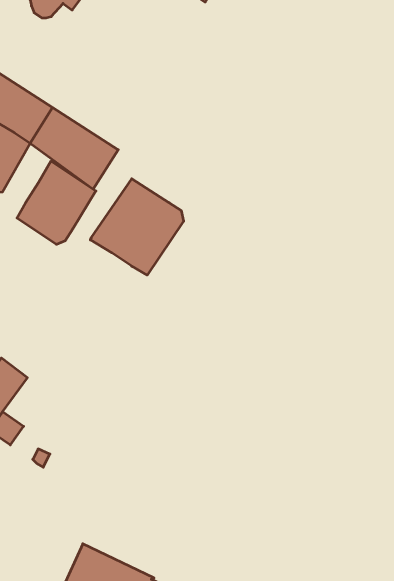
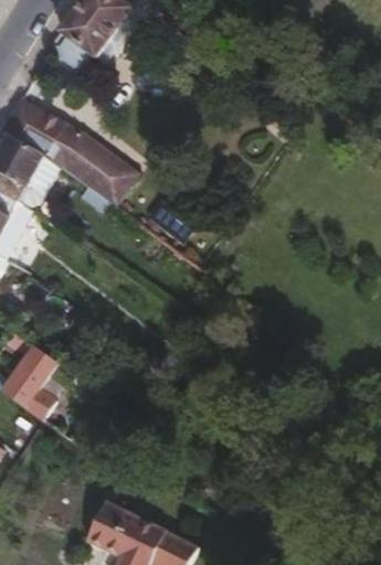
building: [17,161,96,244] -> none
building: [90,179,184,275] -> none

